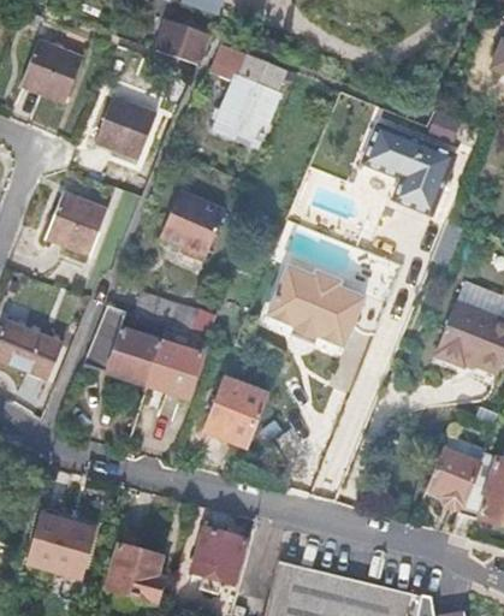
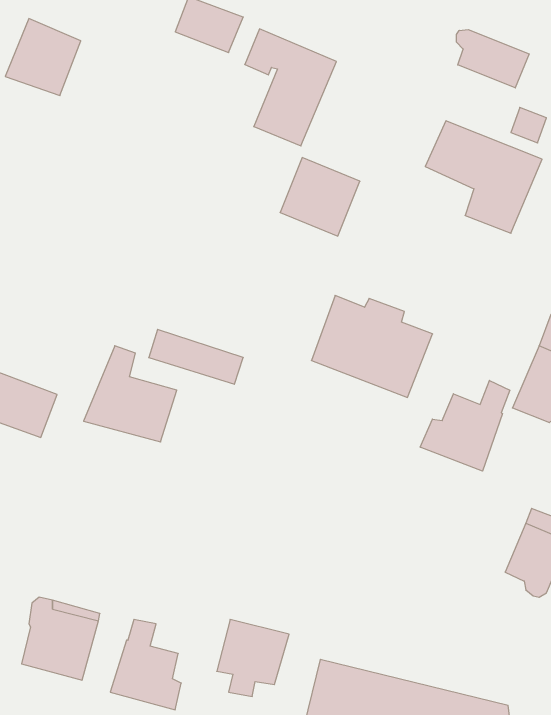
building: none -> [456,30,529,88]
building: [96,96,156,158] -> none
building: [46,192,106,255] -> none
building: [161,196,226,260] -> [280,158,360,236]
building: none -> [420,380,510,471]
building: [146,340,201,396] -> none
building: [206,377,269,448] -> none

